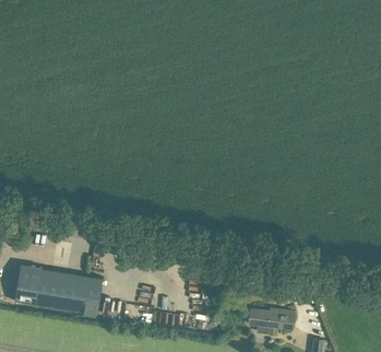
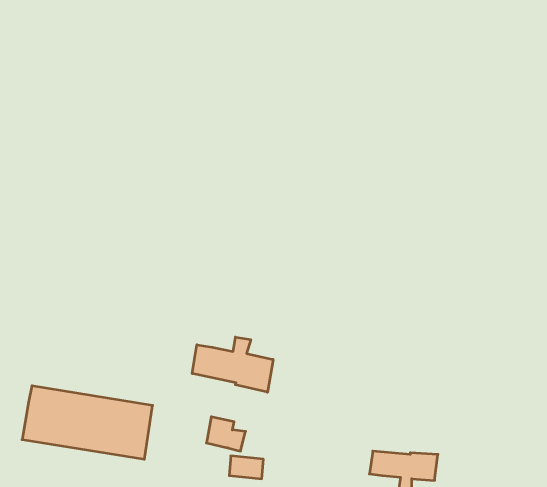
building: none -> [192,337,273,392]

